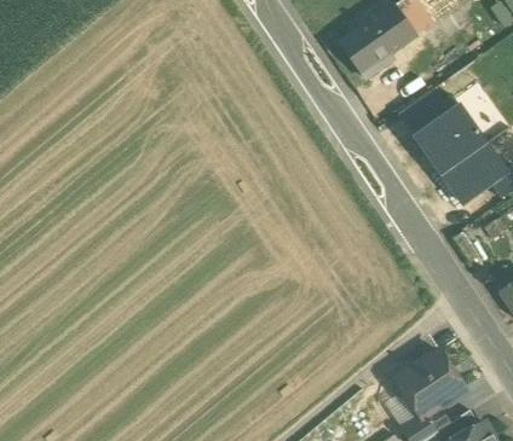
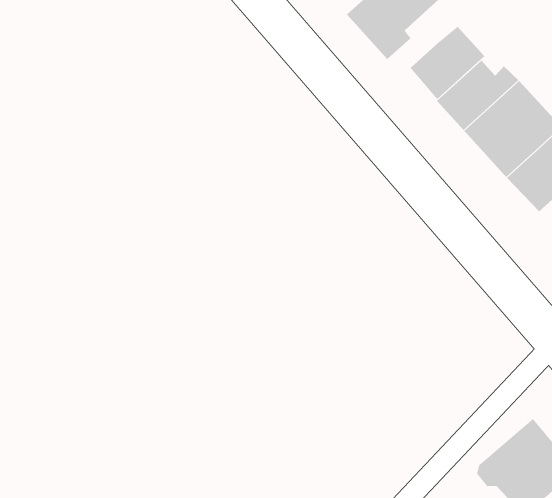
building: none -> [410,26,485,100]

